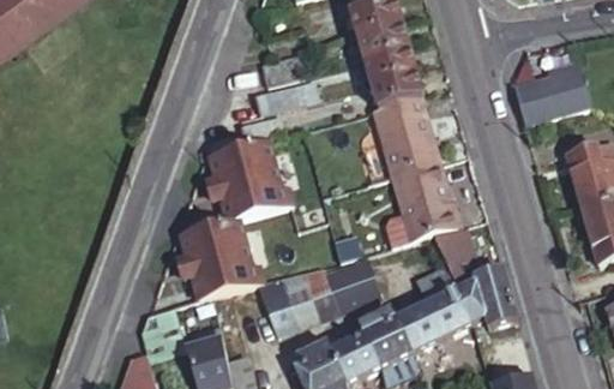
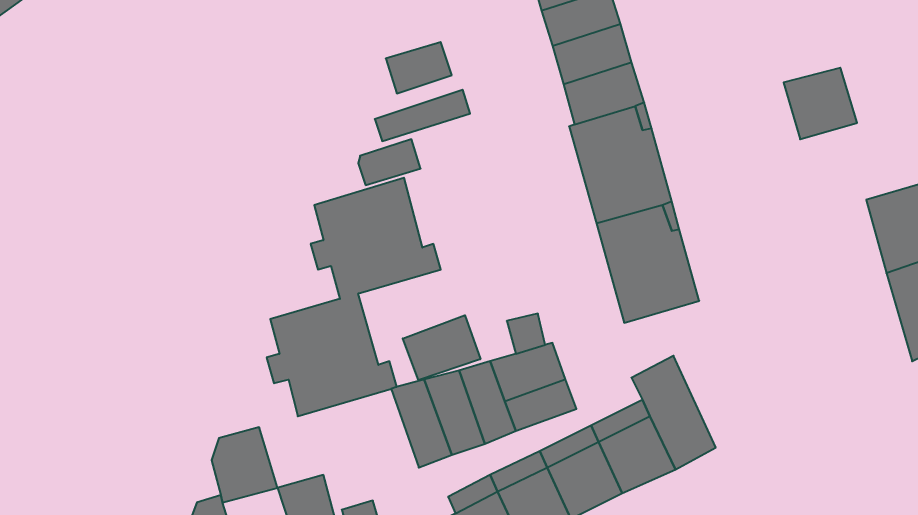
building: [553,60,588,112] -> none
building: [433,229,516,328] -> none
building: none -> [403,315,480,380]

